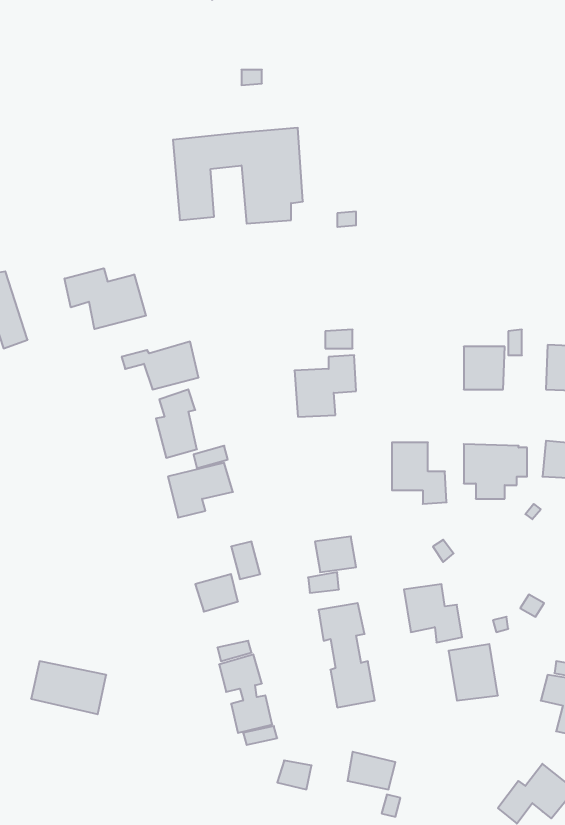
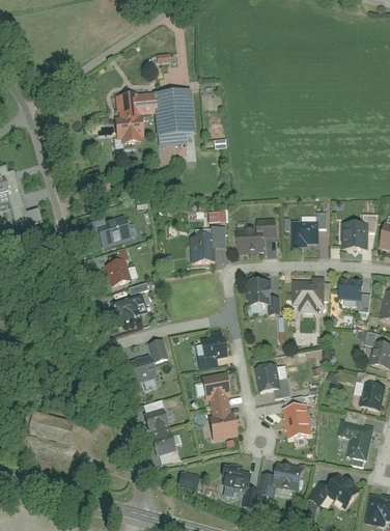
building: [65,268,146,329] -> none
building: none -> [238,218,277,252]
building: none -> [257,464,303,498]

